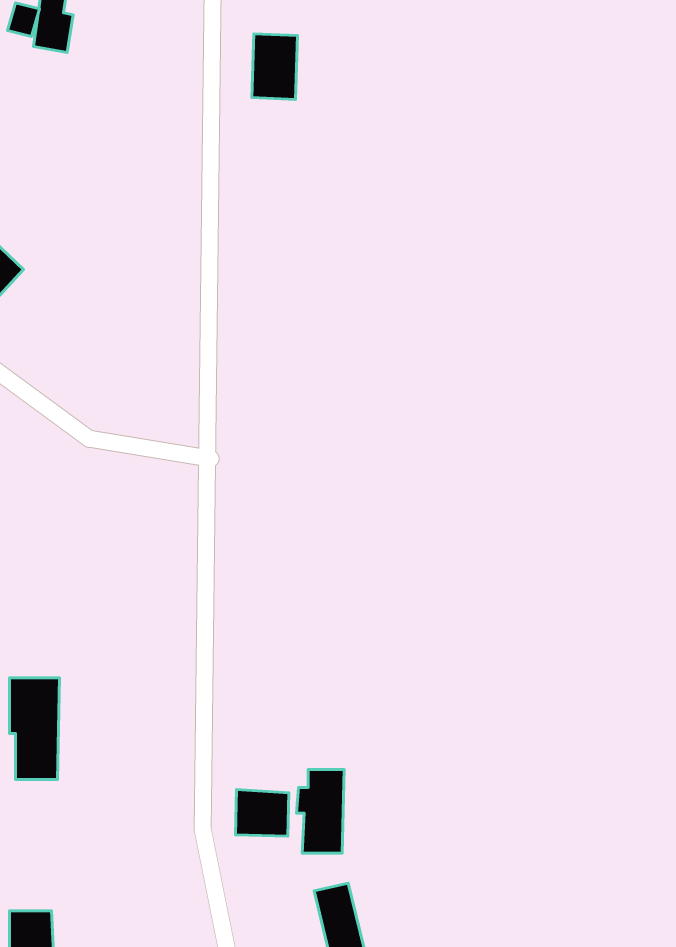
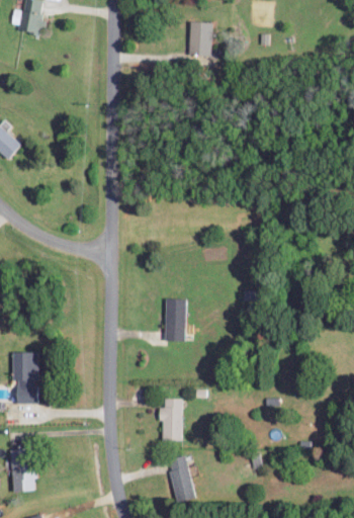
building: [252,34,298,99] -> [189,22,212,56]
building: none -> [165,298,186,342]
building: [235,790,289,836] -> none

